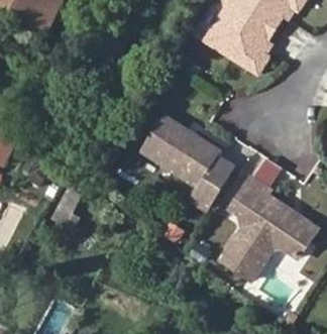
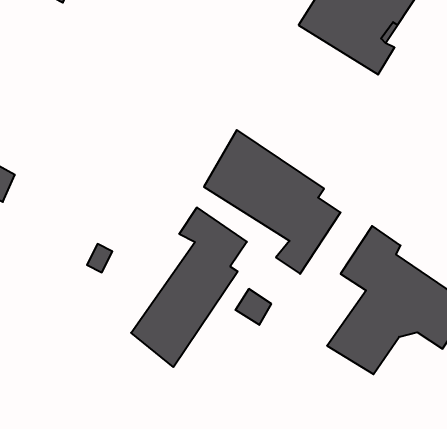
building: none -> [131,207,247,367]

